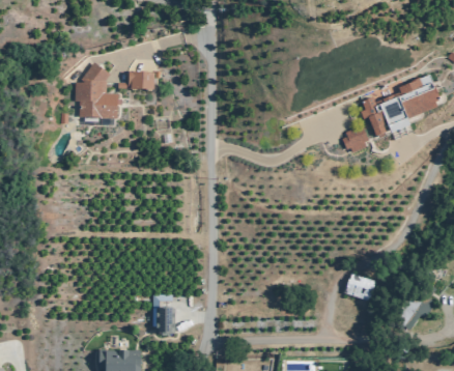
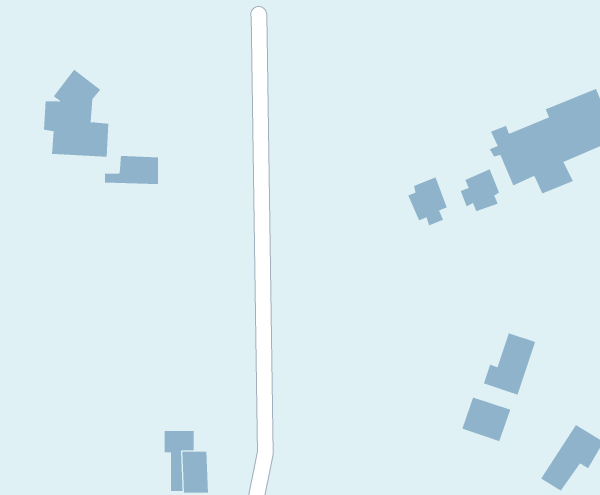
building: [119,73,154,91] -> [104,155,159,184]
building: none -> [407,177,447,226]
building: none -> [483,332,536,395]

